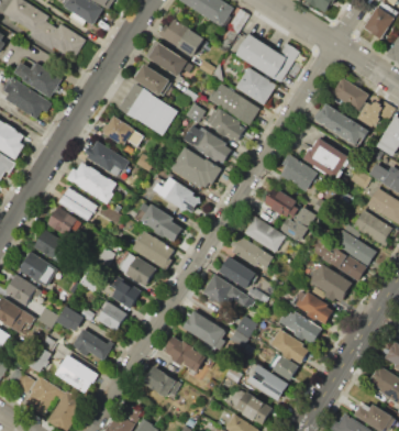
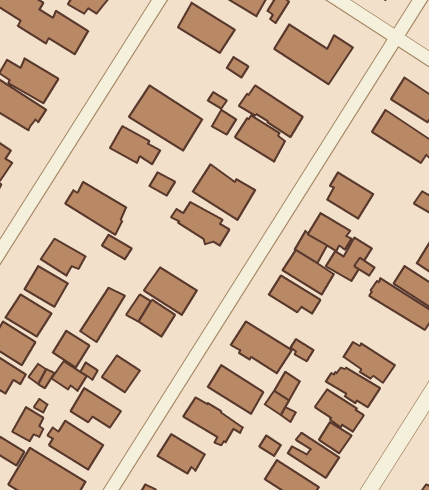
building: [148,42,193,79] -> none
building: [134,63,173,97] -> none
building: [235,66,276,106] -> none
building: [182,124,231,164] -> none
building: [303,137,348,178] -> none
building: [85,141,131,176] -> none
building: [58,187,97,220] -> none
building: [140,202,181,241] -> none
building: [219,256,256,288] -> none
building: [309,264,352,301] -> none
building: [112,279,142,309] -> [53,331,89,367]

